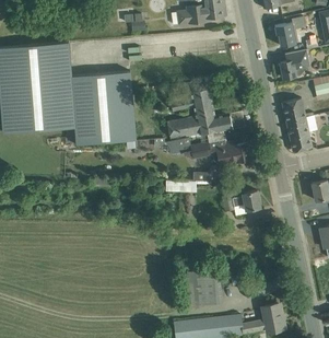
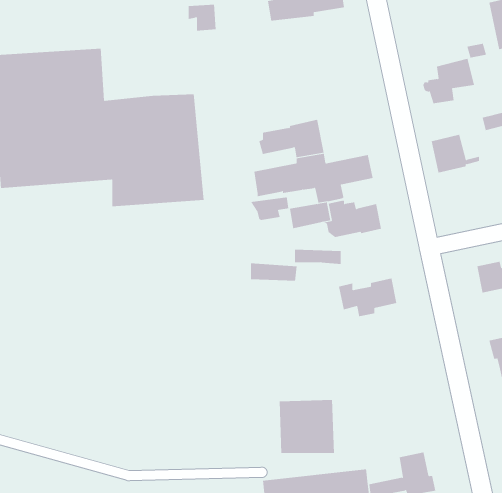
building: [274,18,309,46] -> none
building: [286,115,317,151] -> none

